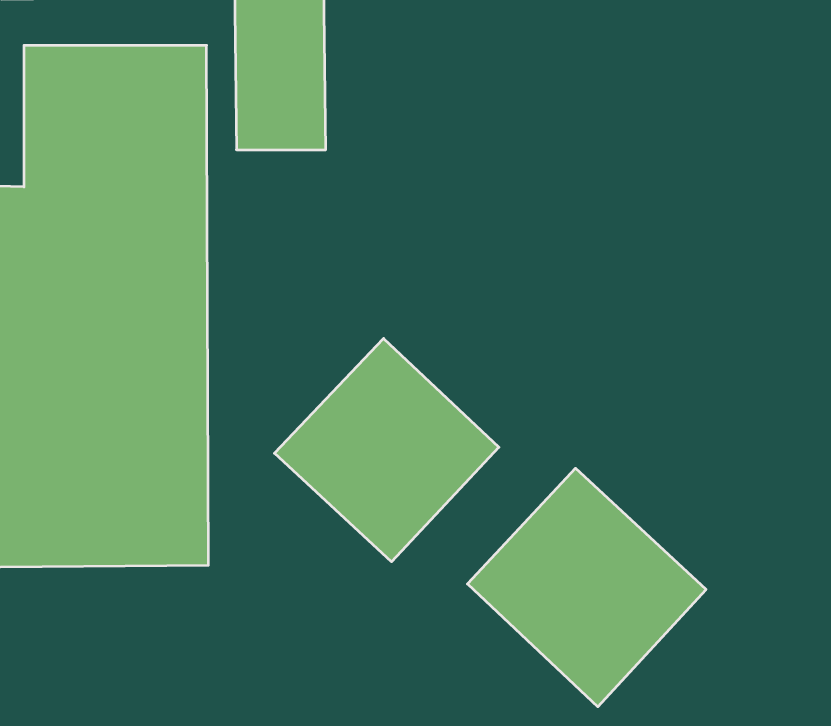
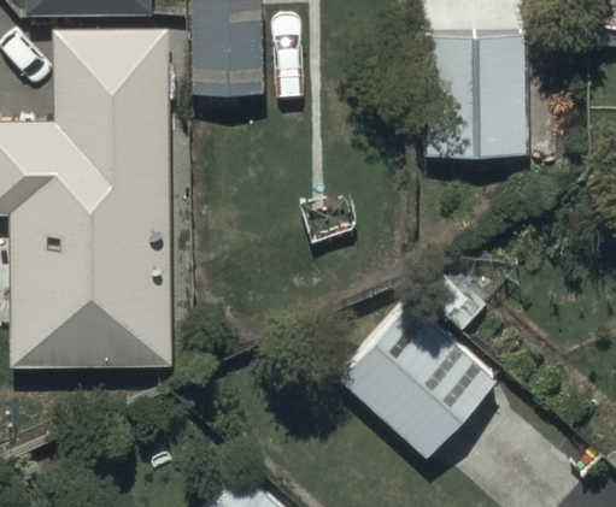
building: none -> [421,34,526,154]
building: [274,338,499,562] -> none

